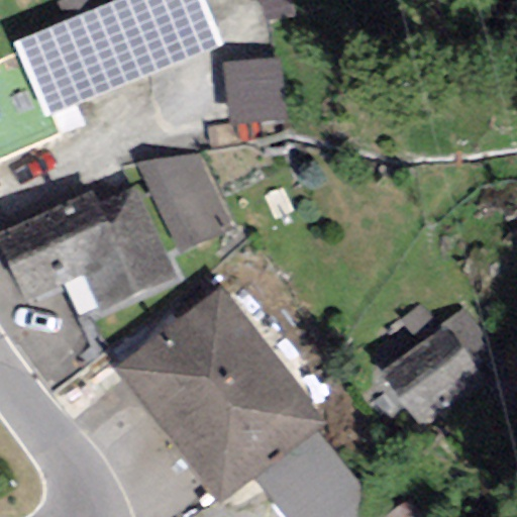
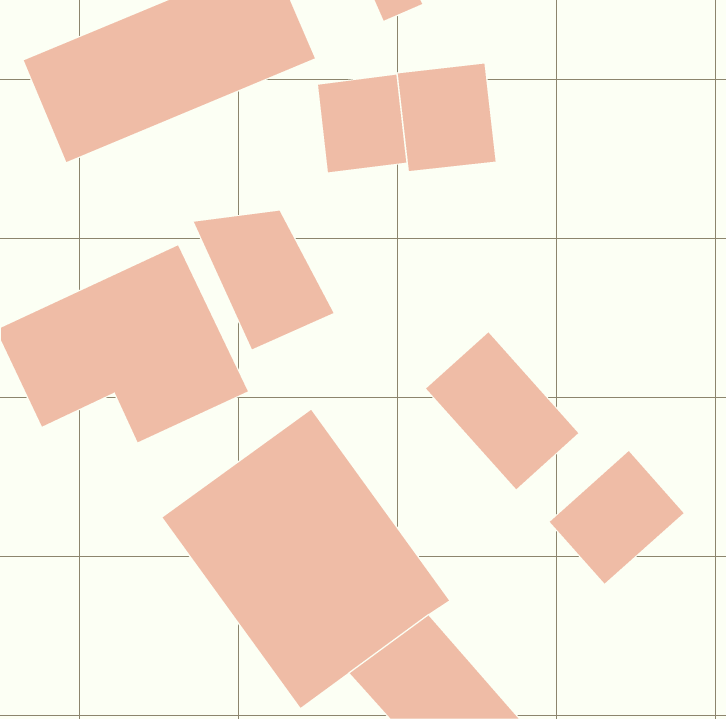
building: none -> [397,63,496,172]
building: none -> [425,331,579,490]

